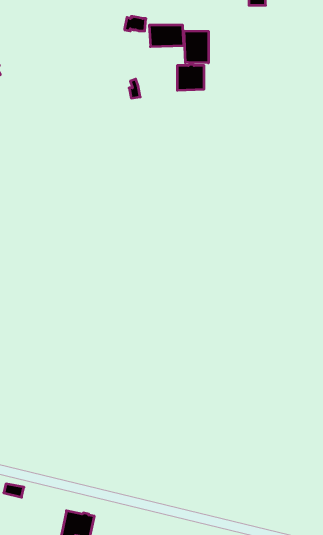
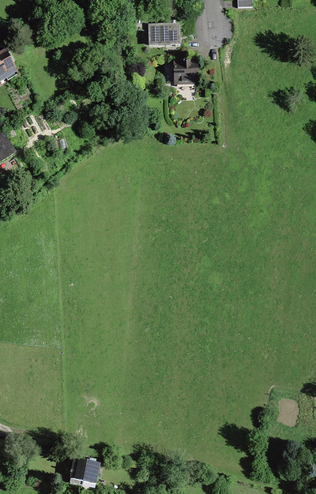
building: [184,31,208,63] -> none

